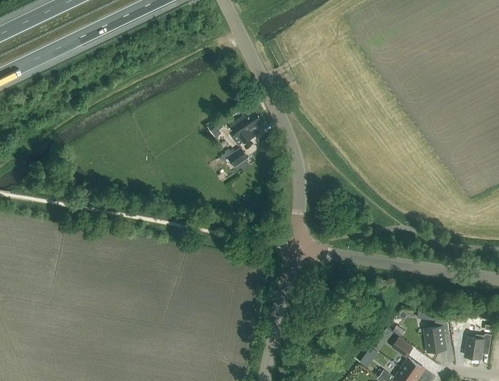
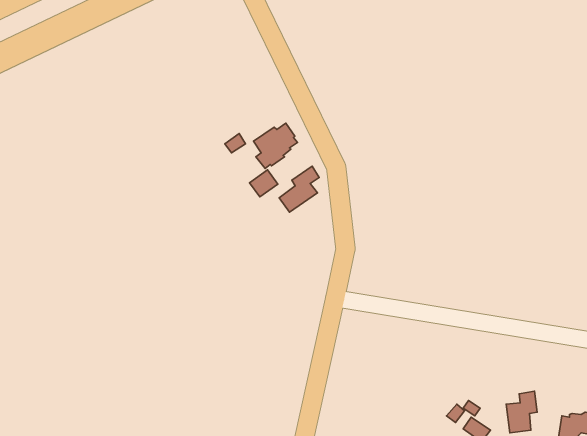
building: none -> [279,166,319,212]

